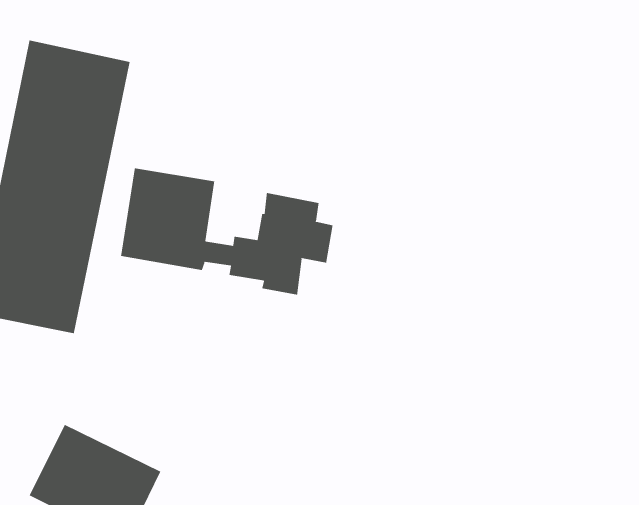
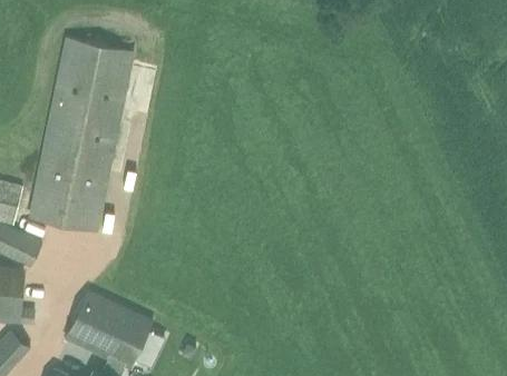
building: [120,167,333,295] -> none

